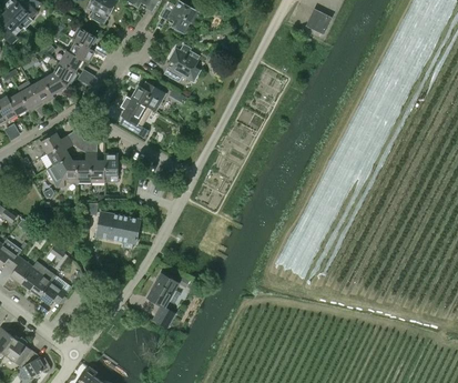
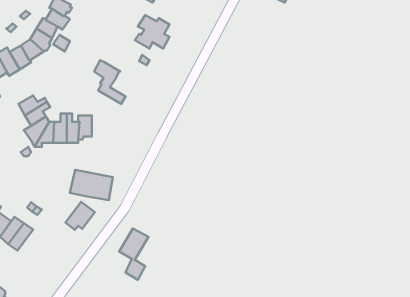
building: [131,82,165,112] -> none
building: [39,275,70,305] -> [65,202,95,230]

